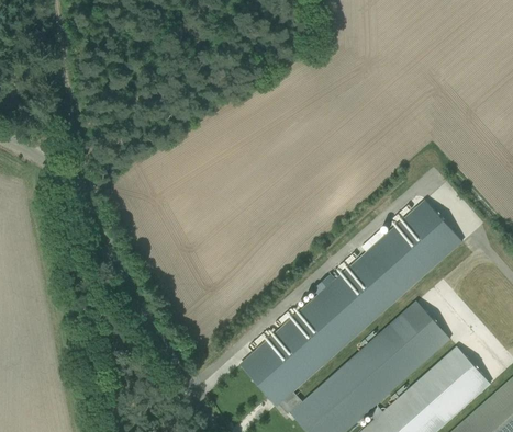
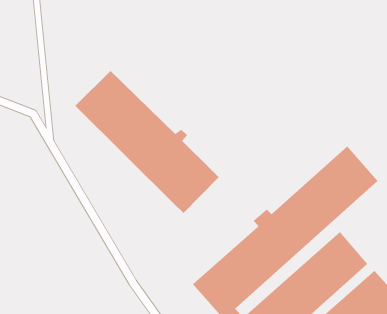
building: none -> [75,70,220,214]

